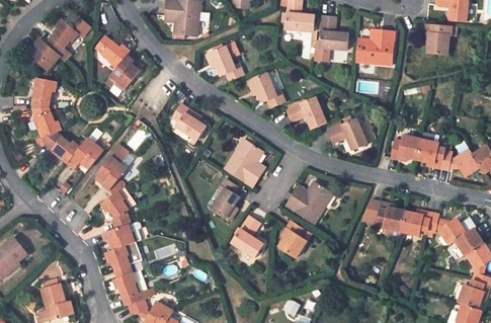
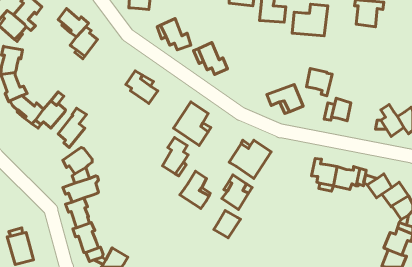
building: [285,97,326,129] -> none
building: [416,139,444,169] -> [307,69,332,96]
building: none -> [214,211,240,238]

